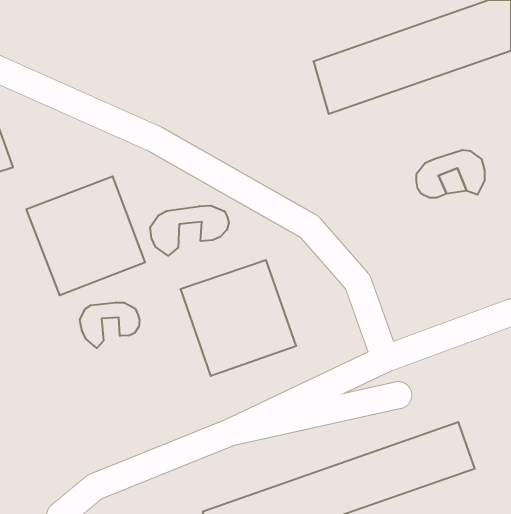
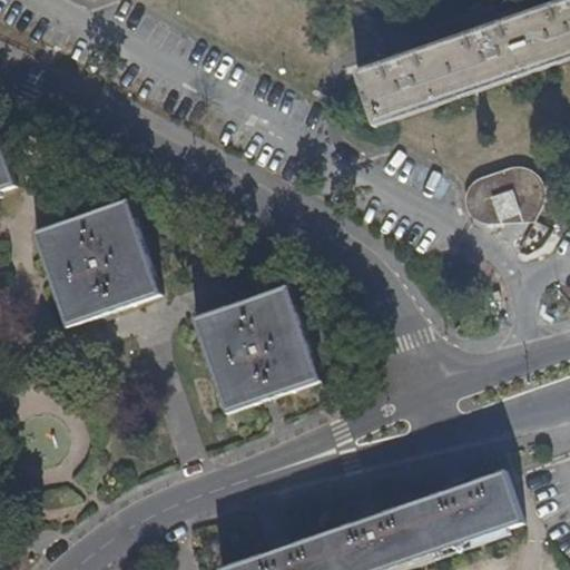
building: [150,206,229,256] -> none
building: [80,302,140,348] -> none

